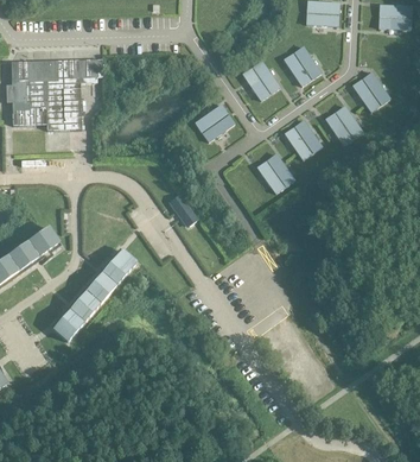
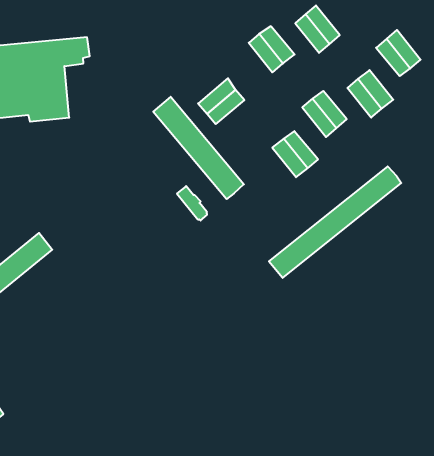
building: none -> [153,97,244,199]
building: none -> [269,166,401,278]
building: [53,249,136,341] -> none

